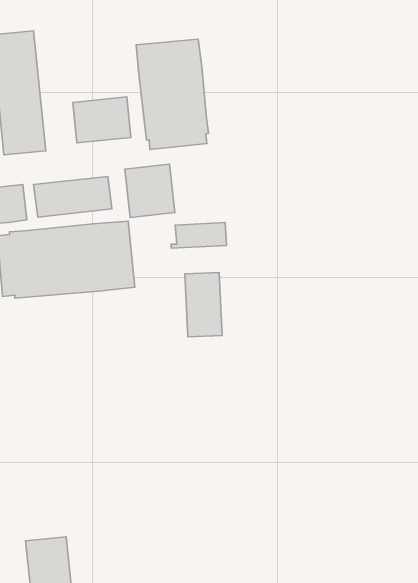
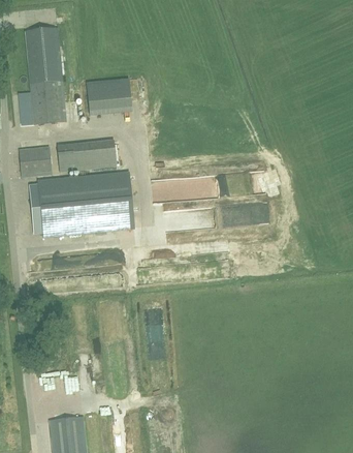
building: [136,39,208,149] -> none
building: [125,164,175,218] -> none
building: [185,273,222,337] -> none

